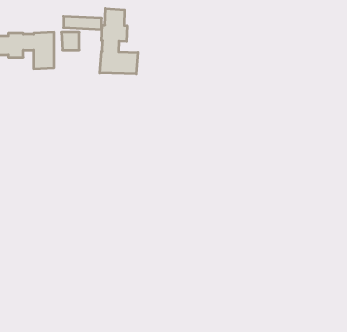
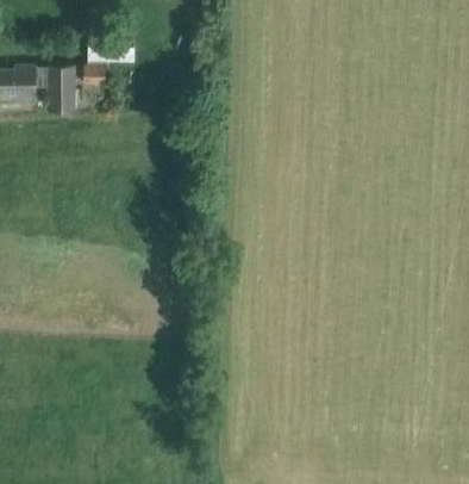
building: [100,8,138,74] -> none

